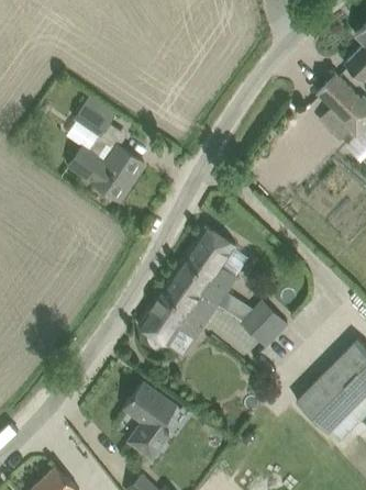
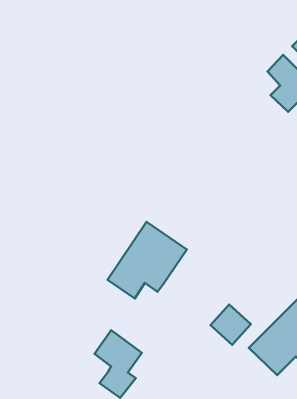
building: [70,99,145,201] -> none
building: [182,226,237,292] -> none
building: [242,302,287,347] -> [211,304,251,345]

